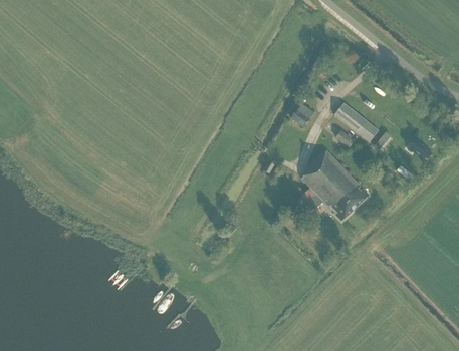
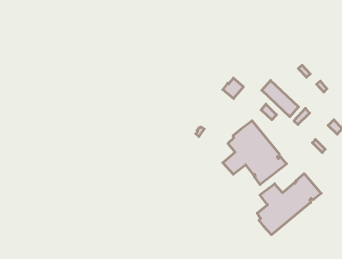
building: none -> [257,174,321,235]

